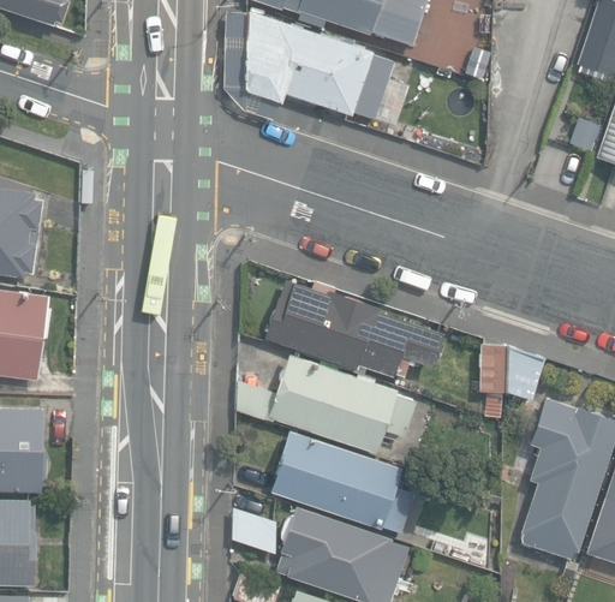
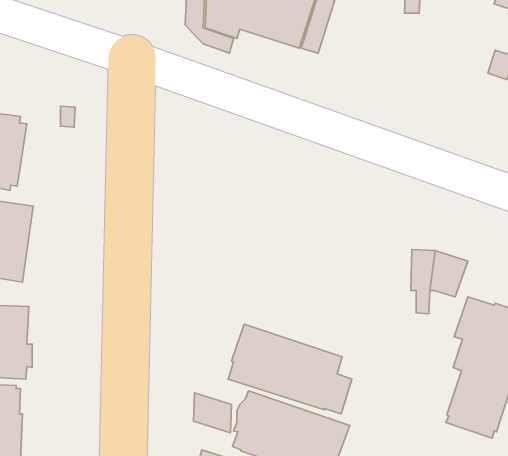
building: [263,281,444,379] -> none
building: [235,354,414,453] -> none

